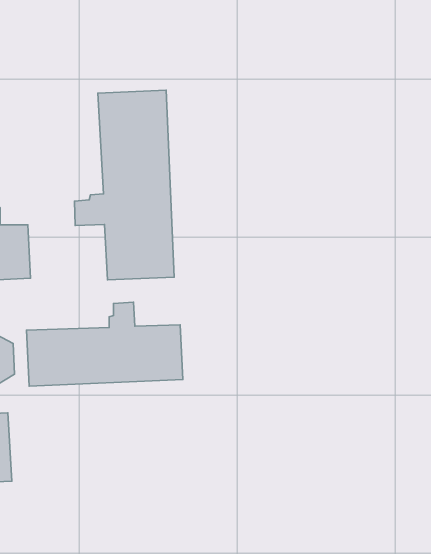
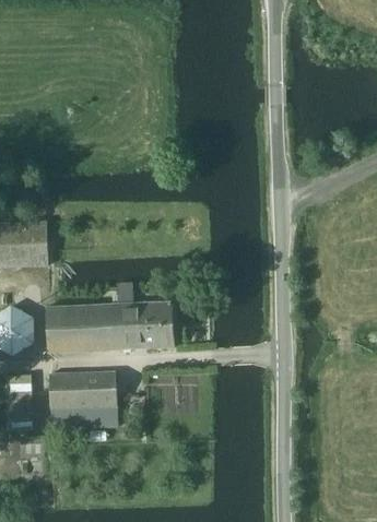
building: [75,90,174,280] -> none
building: none -> [49,370,117,428]

